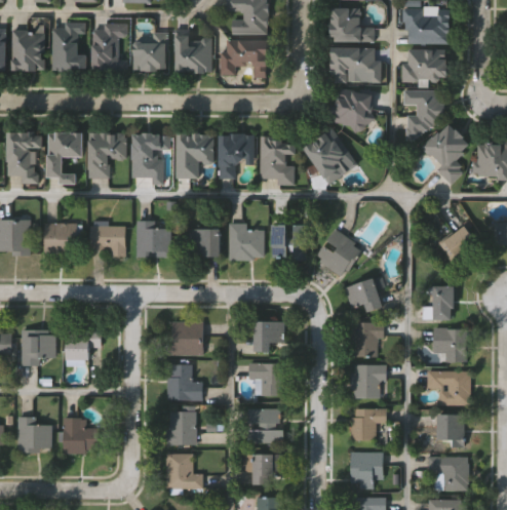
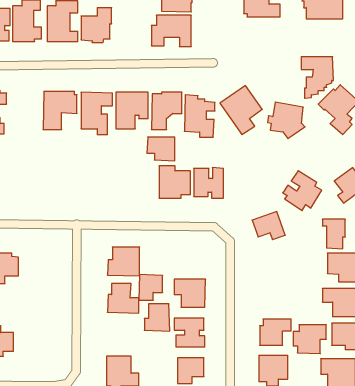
building: [171,37,210,72] -> none
building: [329,48,381,83] -> none
building: [401,48,449,83] -> none
building: [330,88,376,132] -> [268,102,305,139]
building: [48,132,84,184] -> none
building: [89,220,127,257] -> none
building: [136,220,172,258] -> none
building: [43,222,77,257] -> none
building: [188,229,222,258] -> [147,137,175,161]
building: [316,229,363,277] -> [283,171,322,211]
building: [254,321,282,352] -> [139,275,163,300]
building: [352,322,385,356] -> none
building: [66,330,102,360] -> none
building: [347,364,387,399] -> [293,325,326,354]
building: [164,411,195,444] -> [144,304,170,331]
building: [62,419,98,454] -> none

